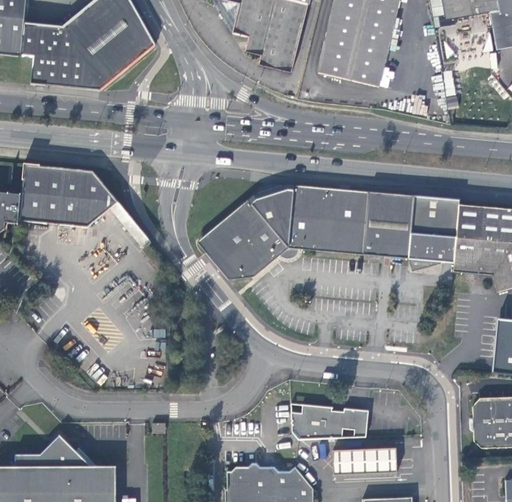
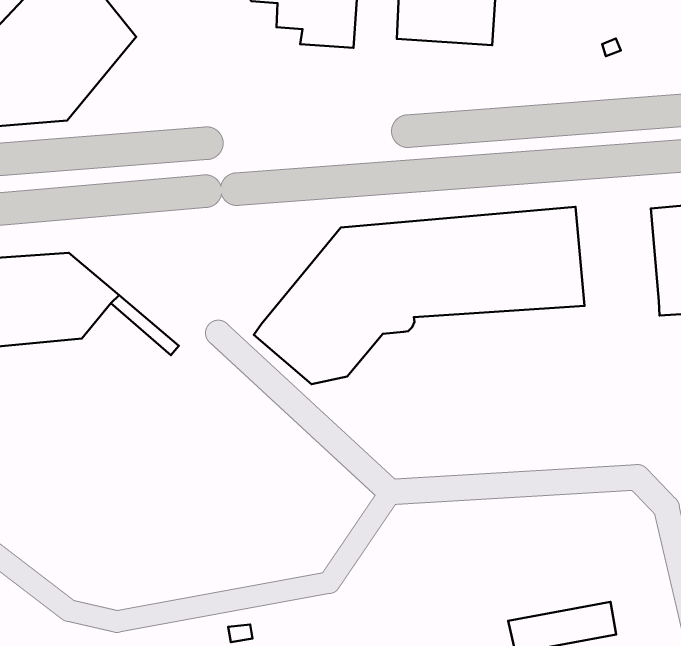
building: [408,196,460,269] -> none
building: [289,404,369,437] -> none

